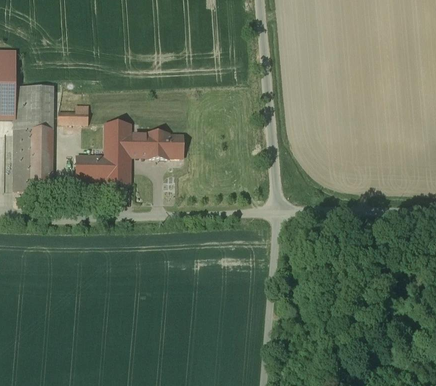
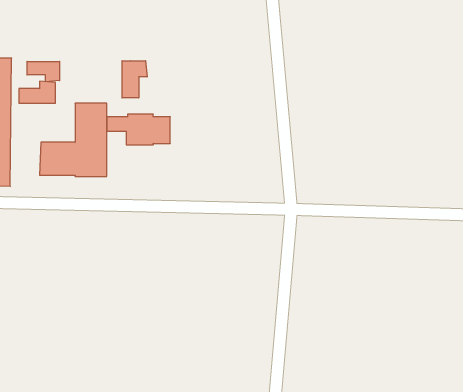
building: none -> [122,61,147,98]
building: none -> [27,61,60,82]

